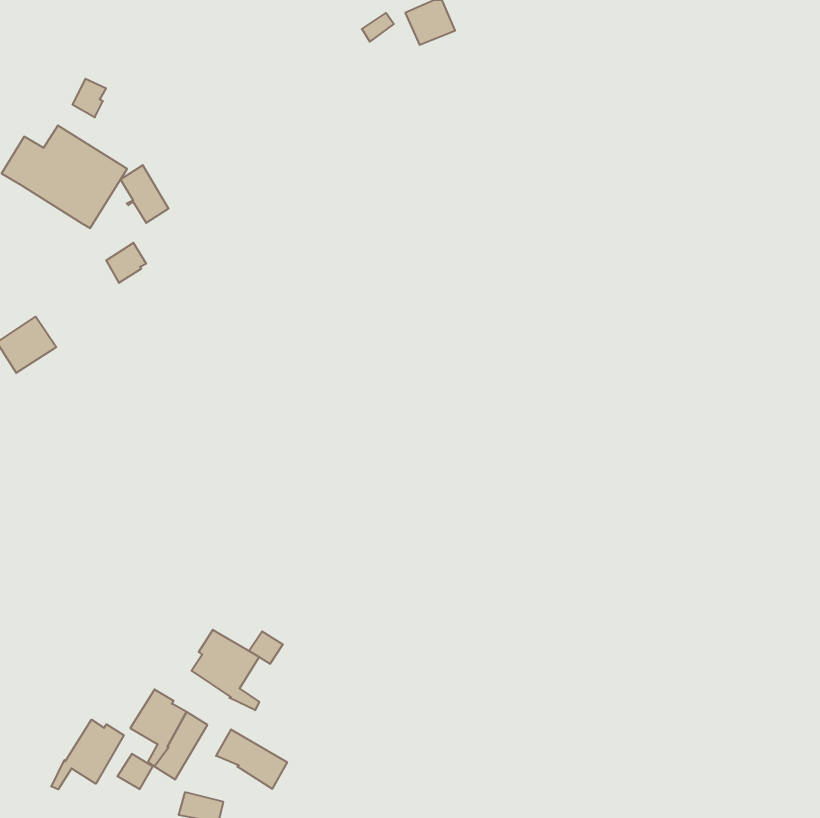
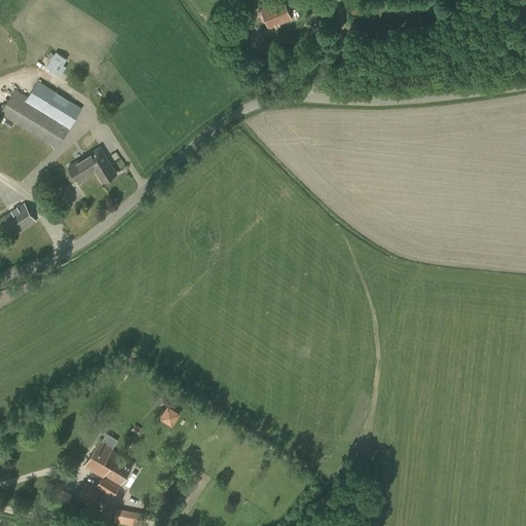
building: [120,165,169,223] -> [85,148,116,185]
building: [192,630,259,710] -> none
building: [51,720,124,789] -> none
building: [216,729,287,789] -> none

